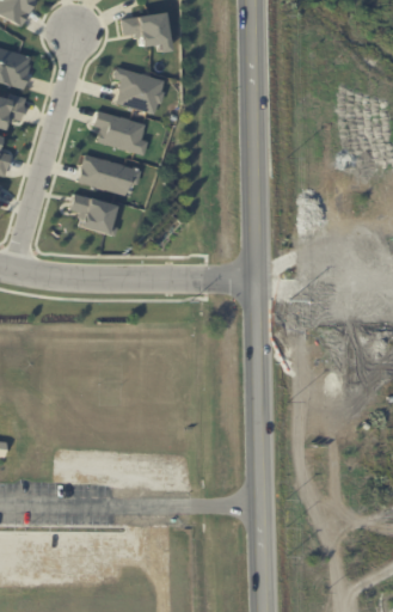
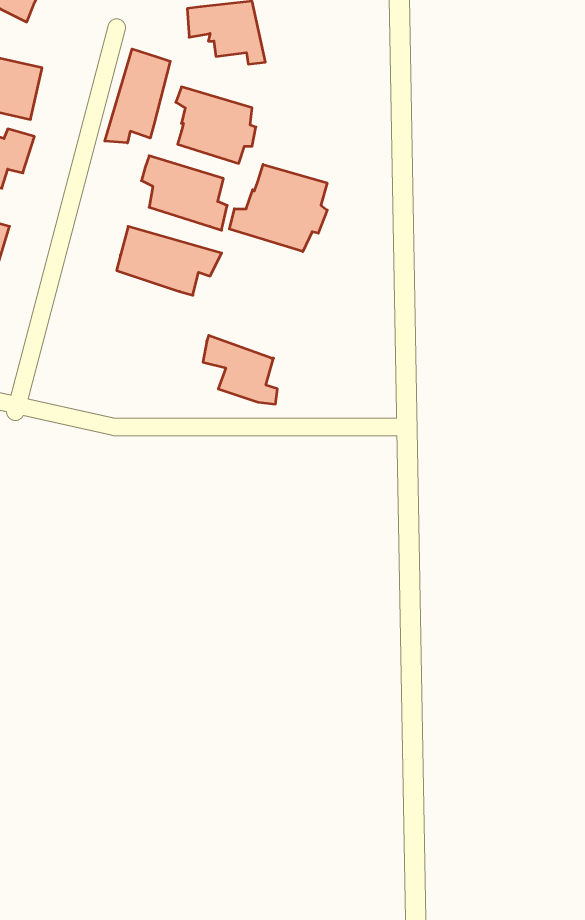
building: none -> [105,49,170,143]
building: none -> [229,164,327,252]
building: [70,192,117,235] -> [203,335,277,404]

